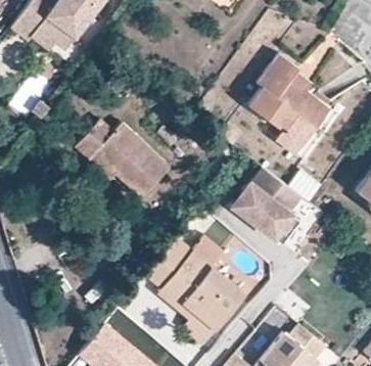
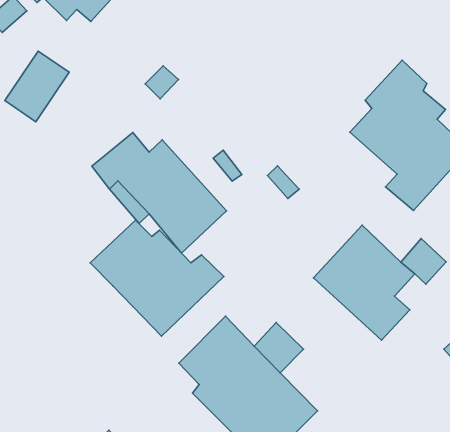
building: none -> [90,220,224,336]

